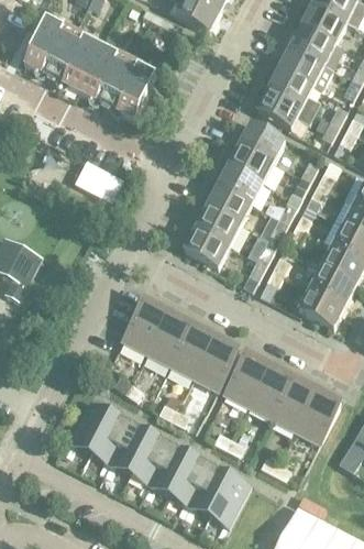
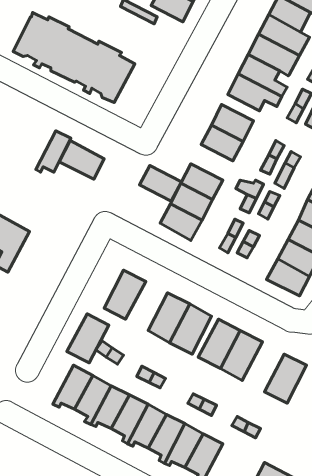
building: none -> [36,131,71,172]
building: [216,164,261,202] -> [140,166,182,201]
building: [145,311,190,364] -> [67,314,109,363]
building: [271,376,316,430] -> none

